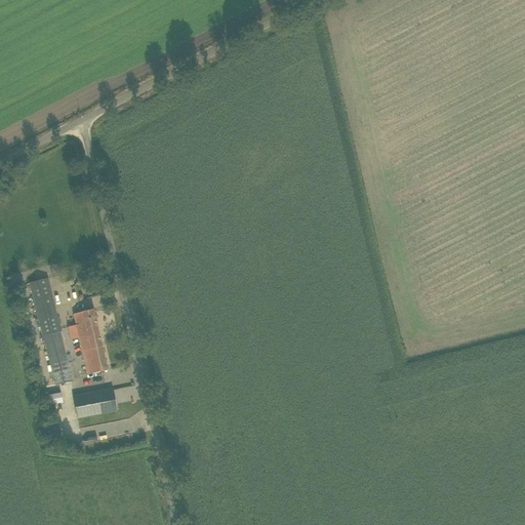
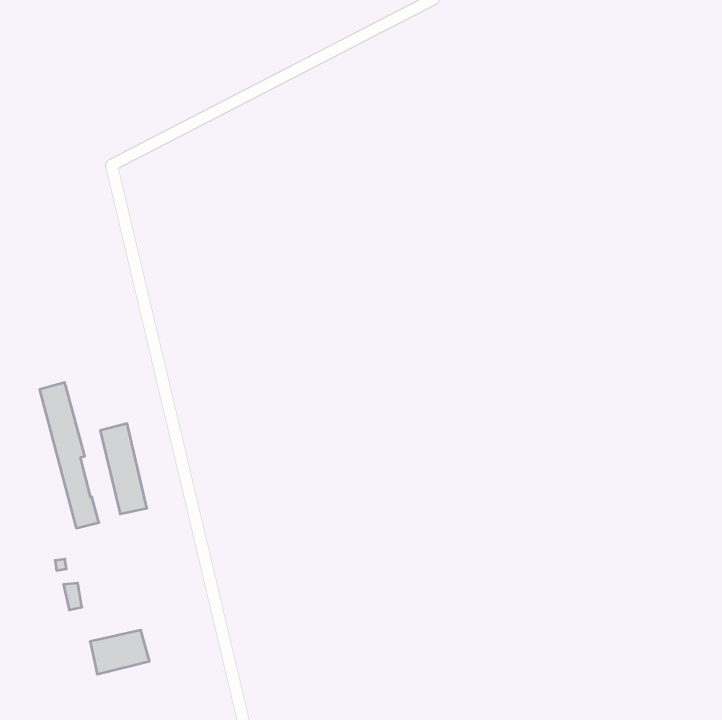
building: [74,388,117,419] -> [90,630,149,674]

